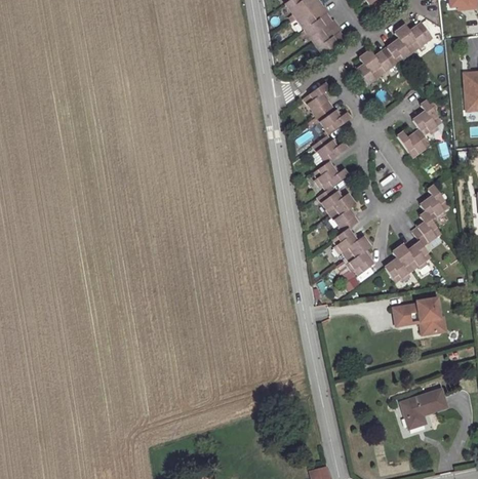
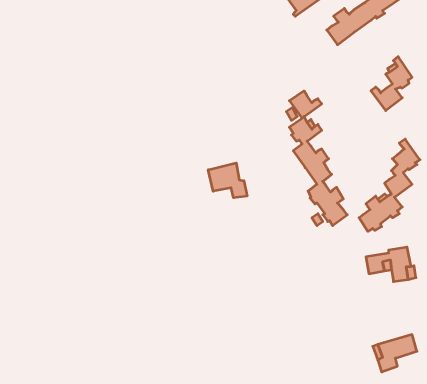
building: [304,81,351,133] -> none
building: none -> [208,163,247,198]

